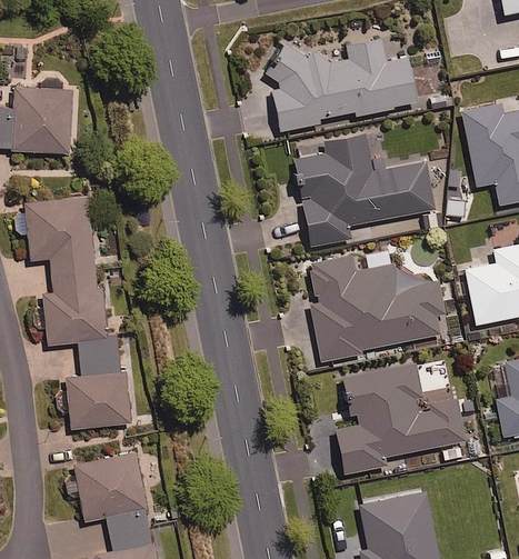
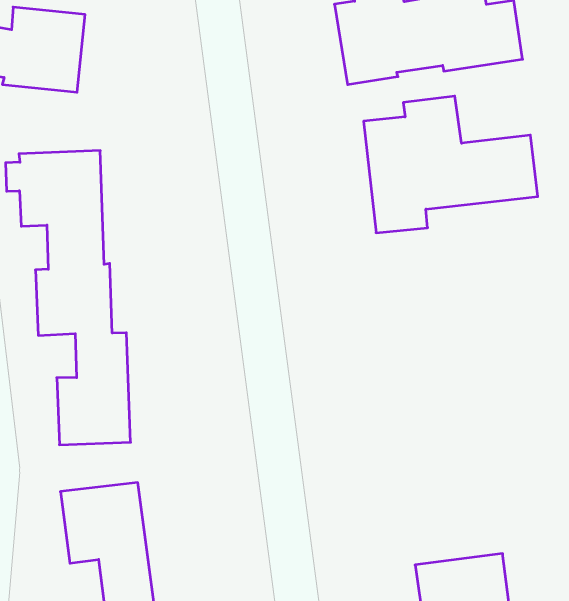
building: [309,256,445,360] -> none
building: [333,362,465,473] -> none

